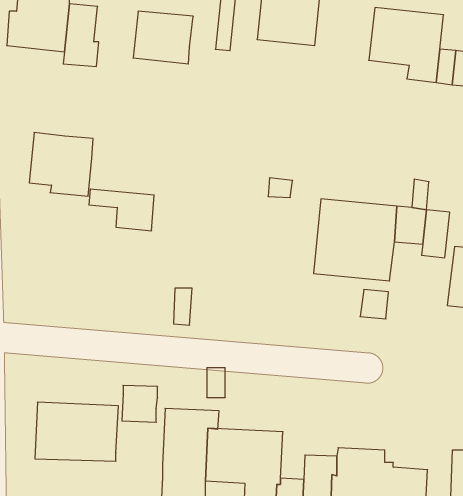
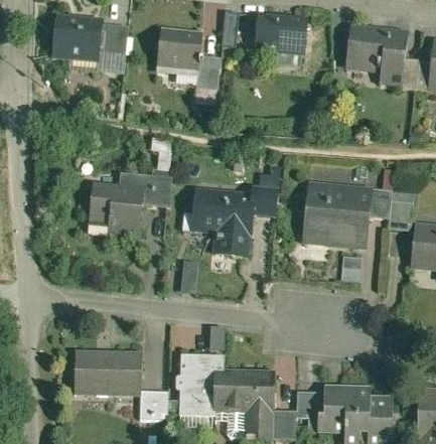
building: none -> [194,56,221,107]
building: [29,132,93,196] -> [88,183,140,236]
building: none -> [188,181,278,259]
building: [122,385,158,422] -> [138,390,167,420]

